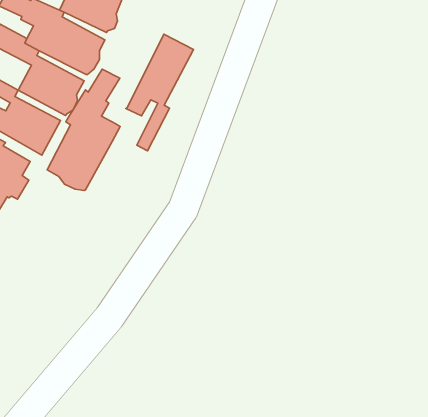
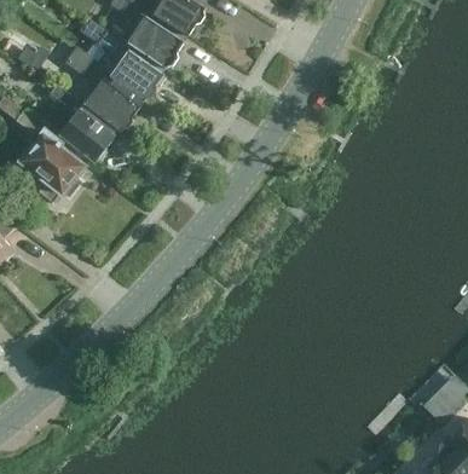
building: [126,34,193,151] -> none
building: [47,69,120,190] -> none

